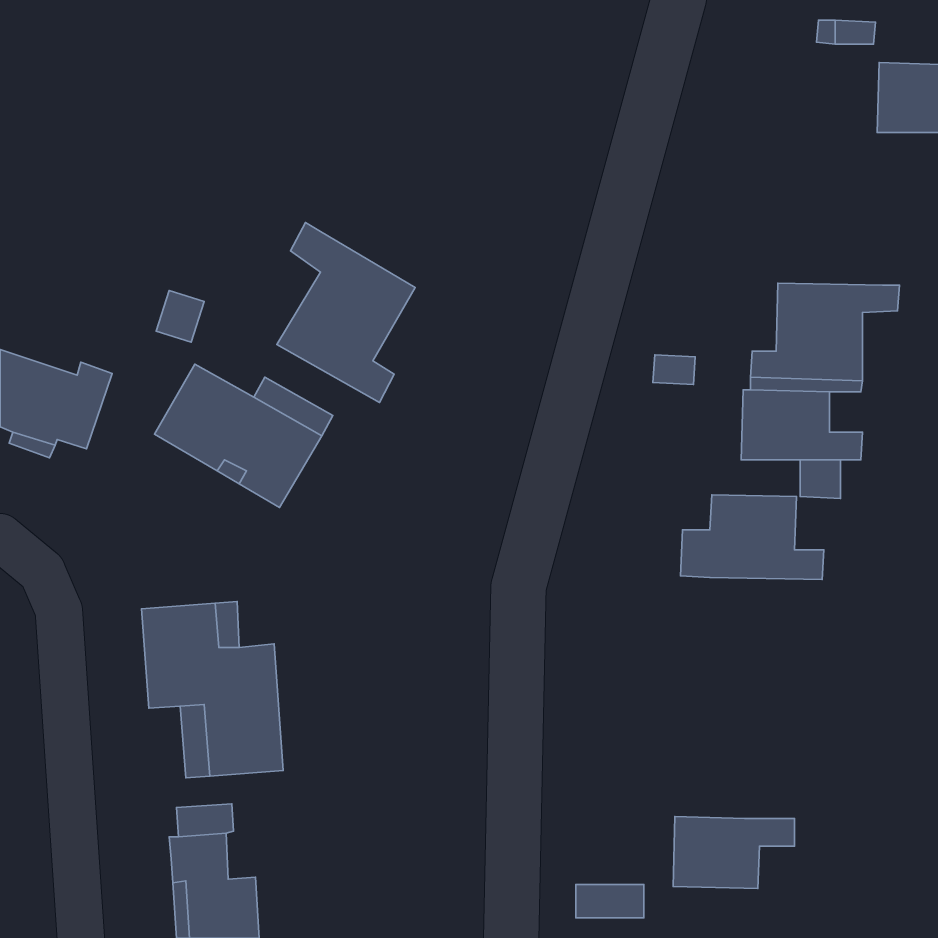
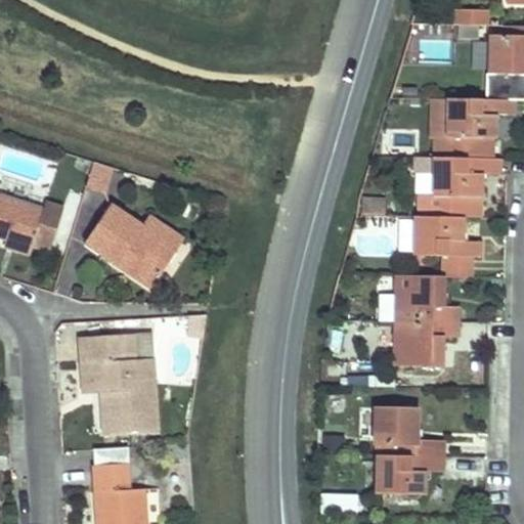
building: none -> [430,97,515,159]
building: [277,222,415,402] -> none
building: none -> [395,321,458,366]
building: none -> [374,405,444,455]

